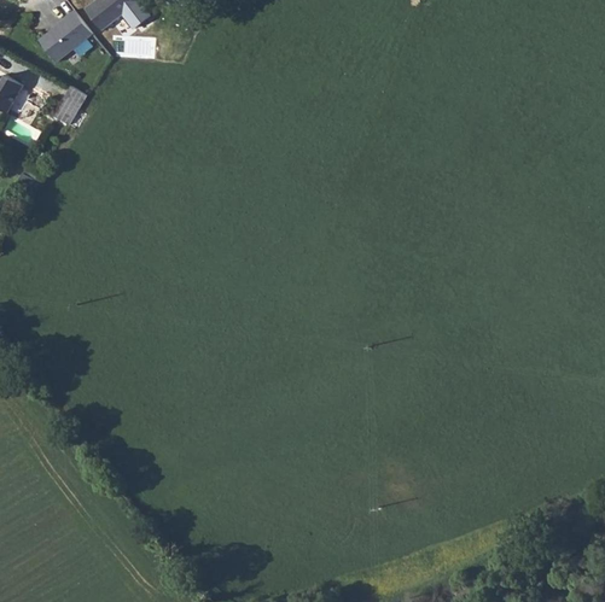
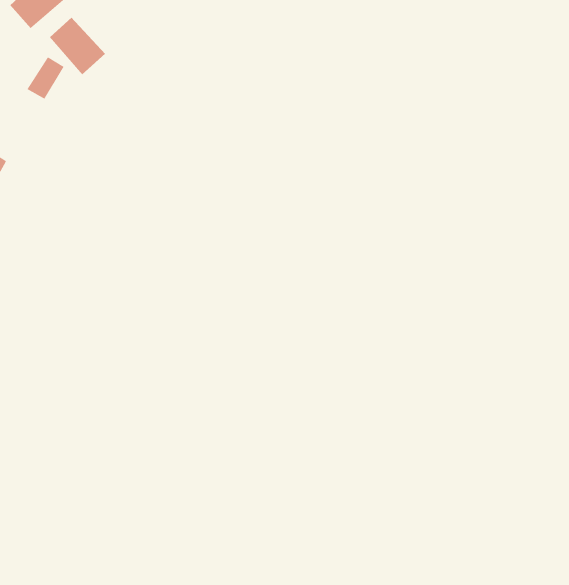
building: none -> [49,17,106,75]

